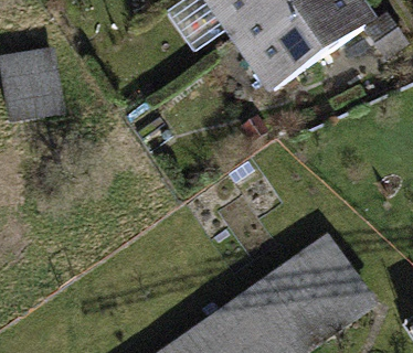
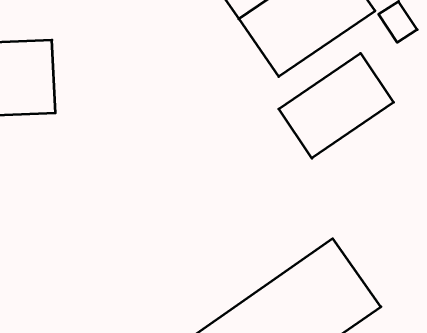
building: none -> [279,53,394,158]

